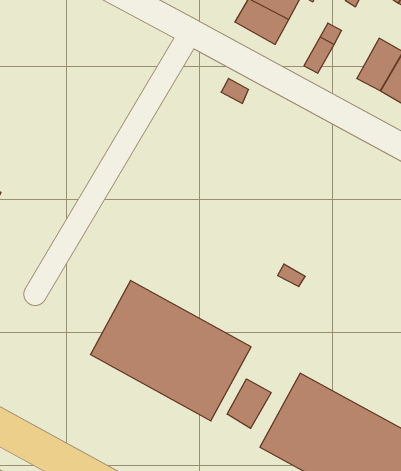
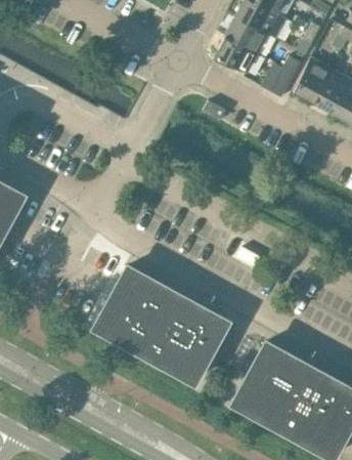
building: none -> [294,58,333,102]
building: [227,379,271,428] -> none

